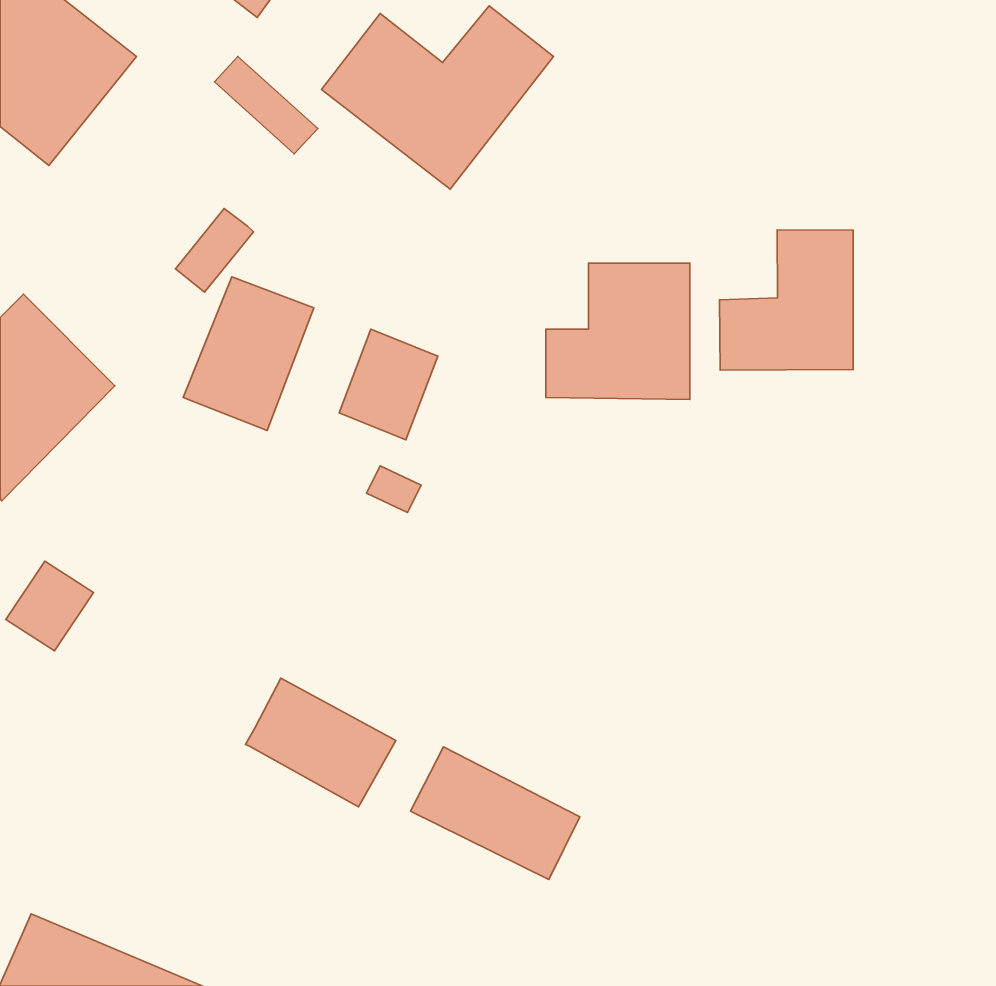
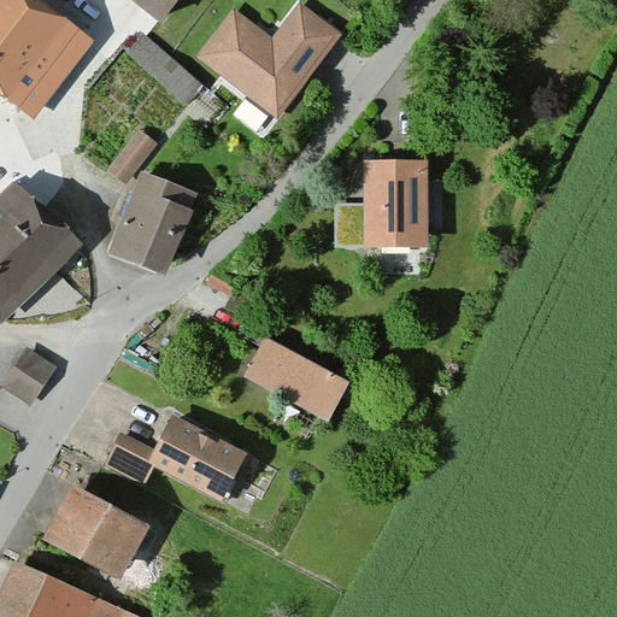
building: [720,230,853,370] -> none
building: [339,329,438,440] -> none
building: none -> [105,430,158,482]
building: [410,747,580,879] -> [246,340,351,422]
building: none -> [45,490,147,586]

